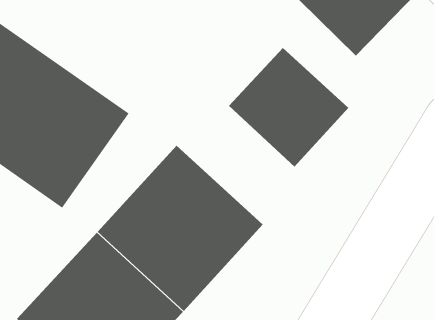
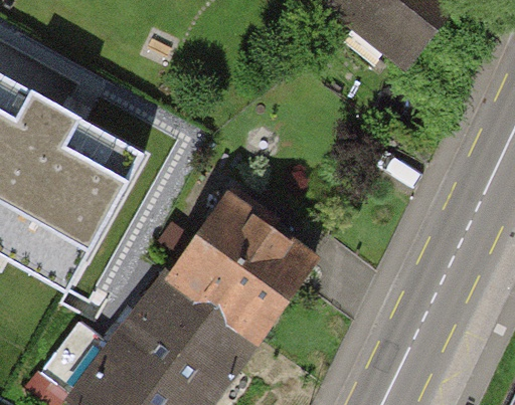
building: [228,47,349,167] -> none

